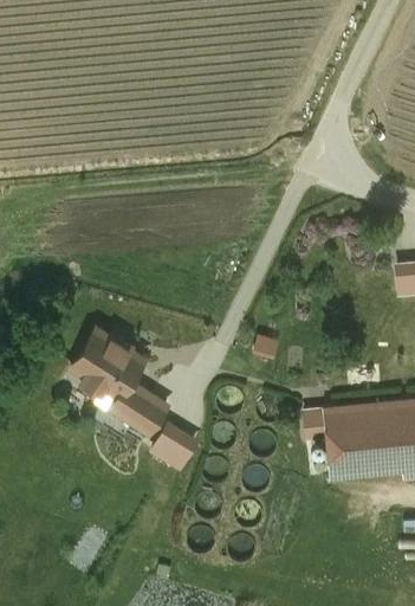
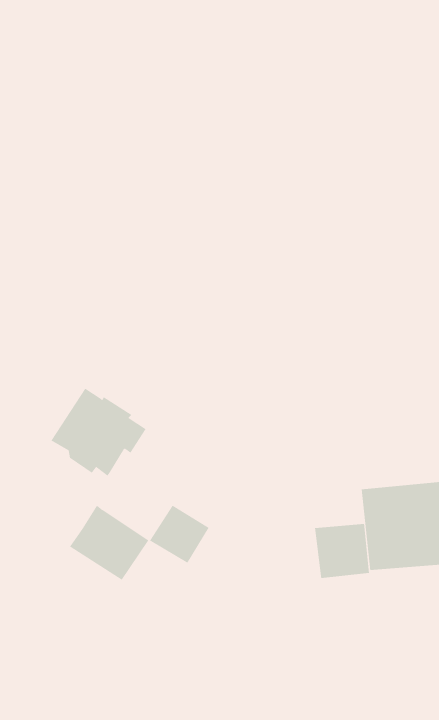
building: [106,376,173,439] -> [69,505,149,581]
building: none -> [314,523,369,579]

